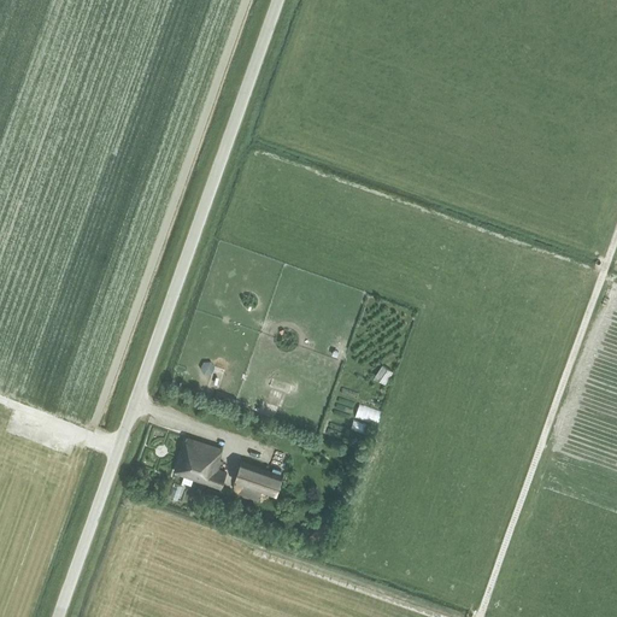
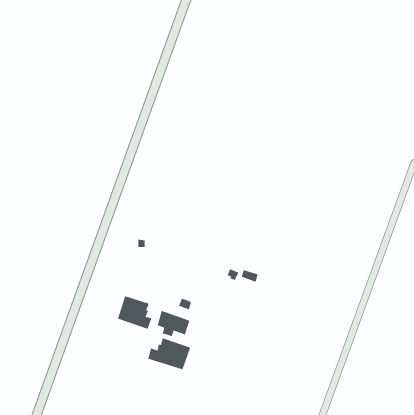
building: none -> [148,338,191,370]

